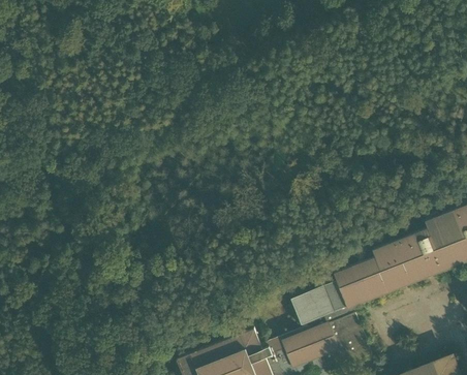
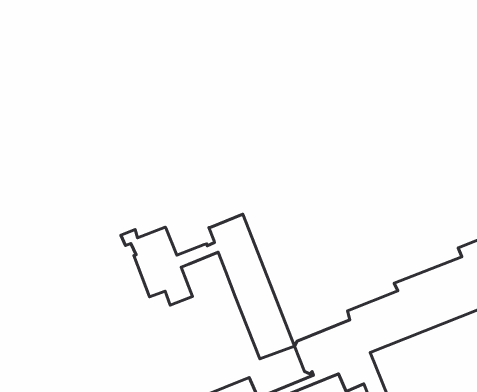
building: none -> [121,214,295,359]

